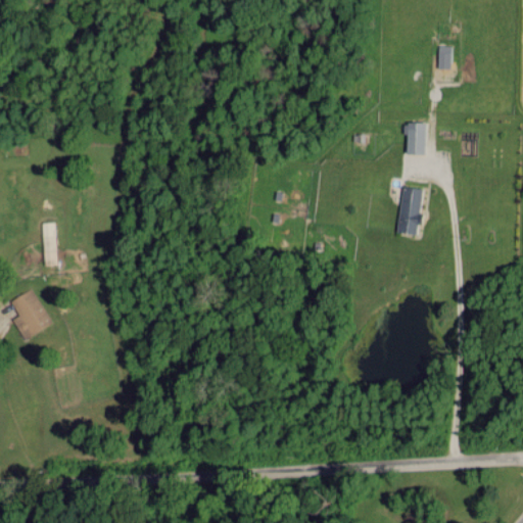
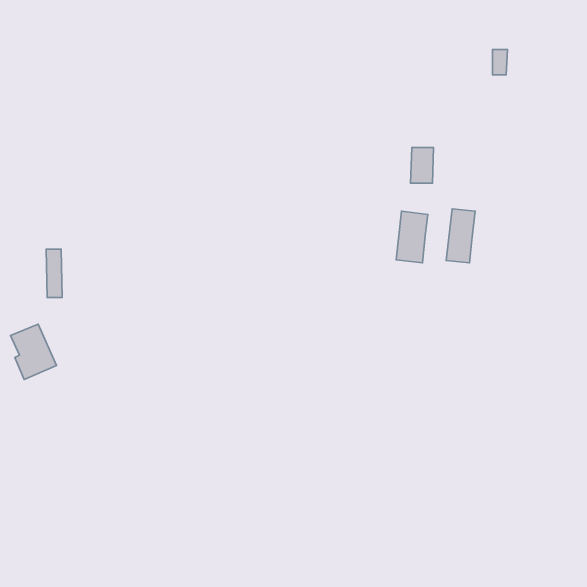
building: [405,123,425,154] -> [411,148,434,183]
building: none -> [396,211,428,263]

